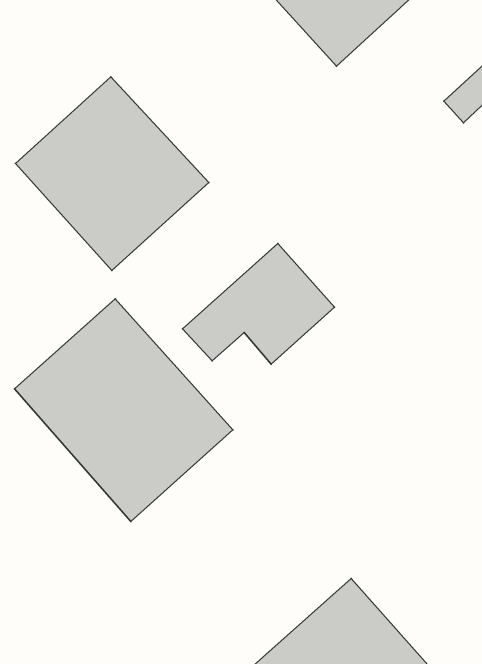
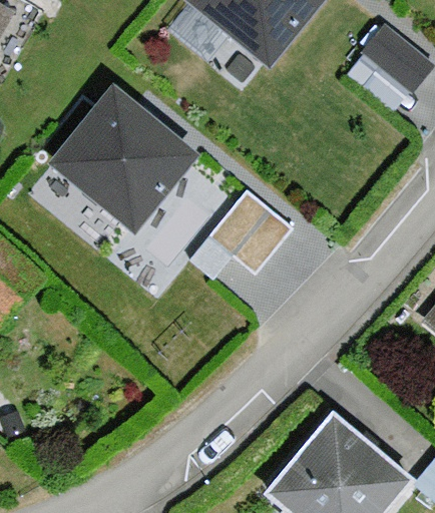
building: [14,299,233,521] -> none

